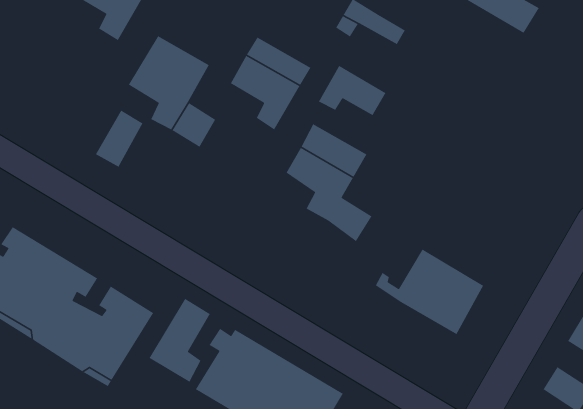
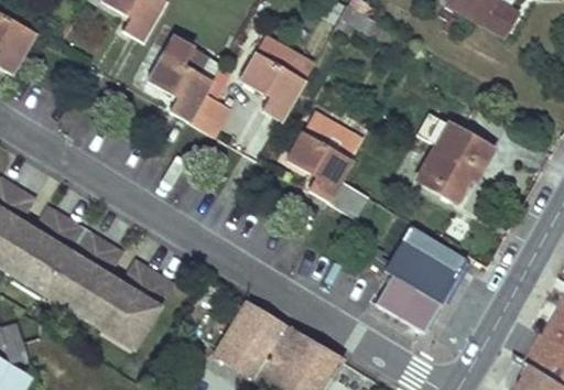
building: [318,65,387,116] -> none
building: [95,109,144,168] -> none
building: none -> [416,126,490,203]
building: [148,298,211,383] -> none
building: none -> [377,274,442,332]

